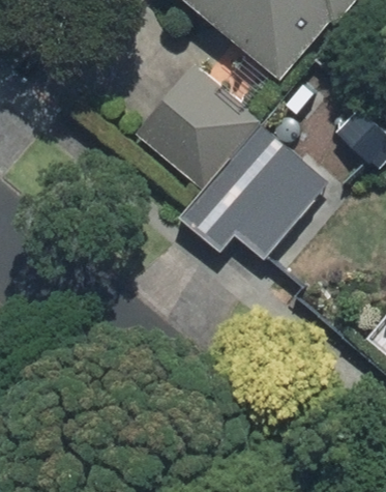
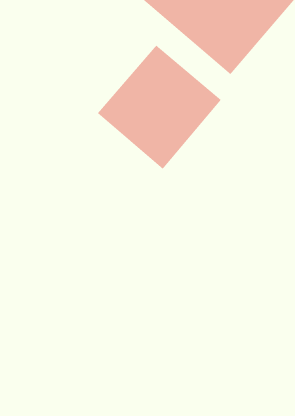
building: [194,126,329,264] -> none

